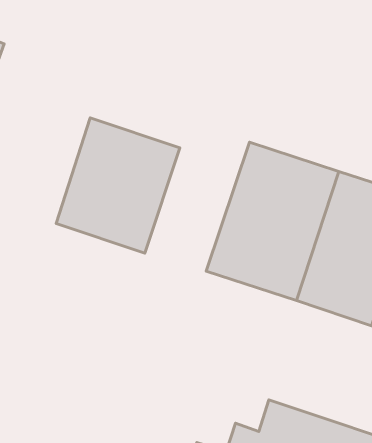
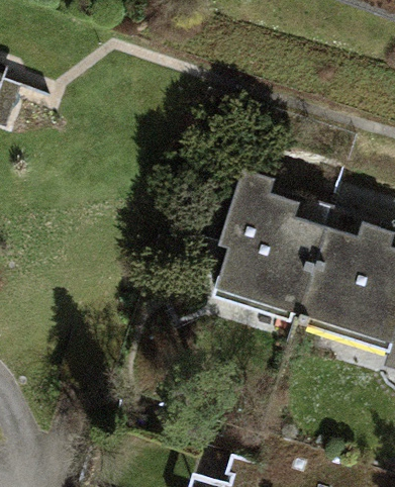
building: [56,118,180,253] -> none

